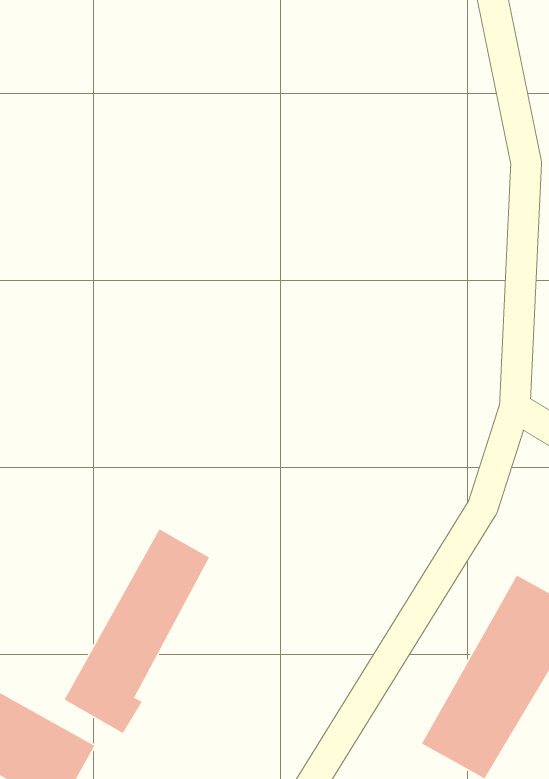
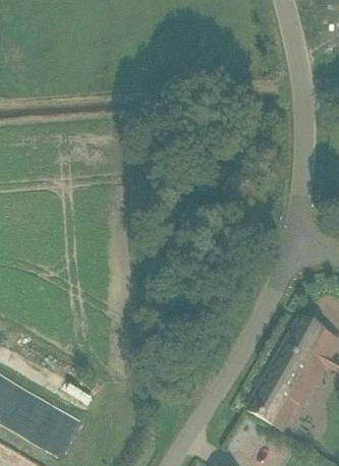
building: [64,528,210,734] -> none

